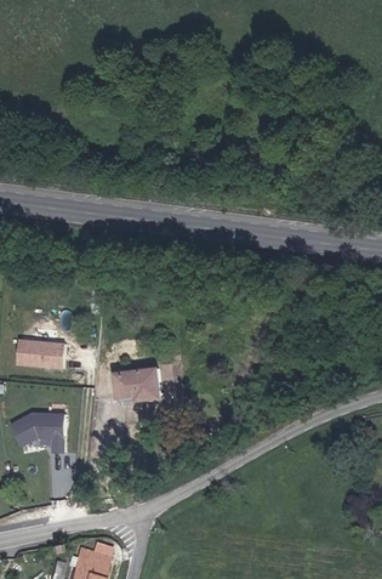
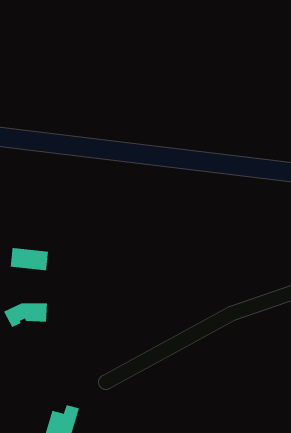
building: [114,364,164,399] -> none

